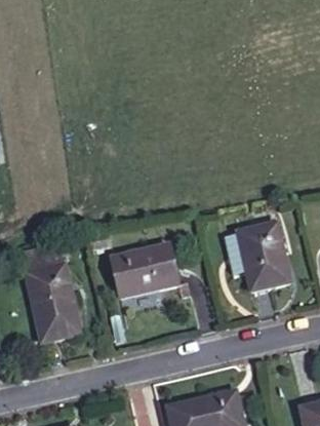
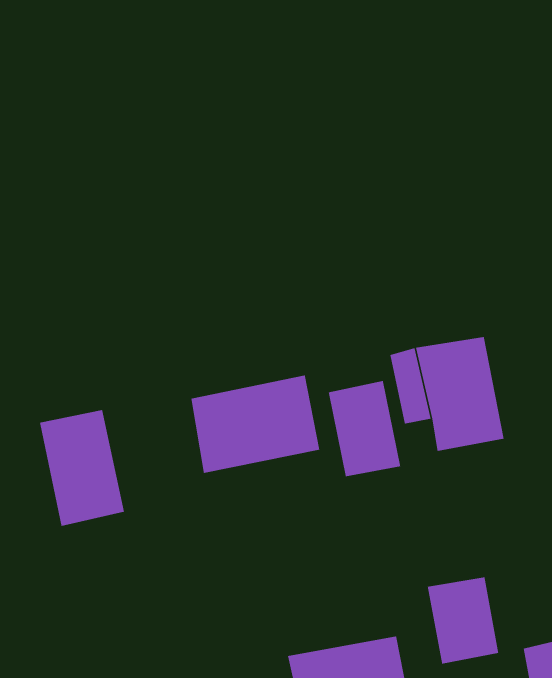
building: none -> [328,380,401,477]
building: none -> [427,576,499,665]

